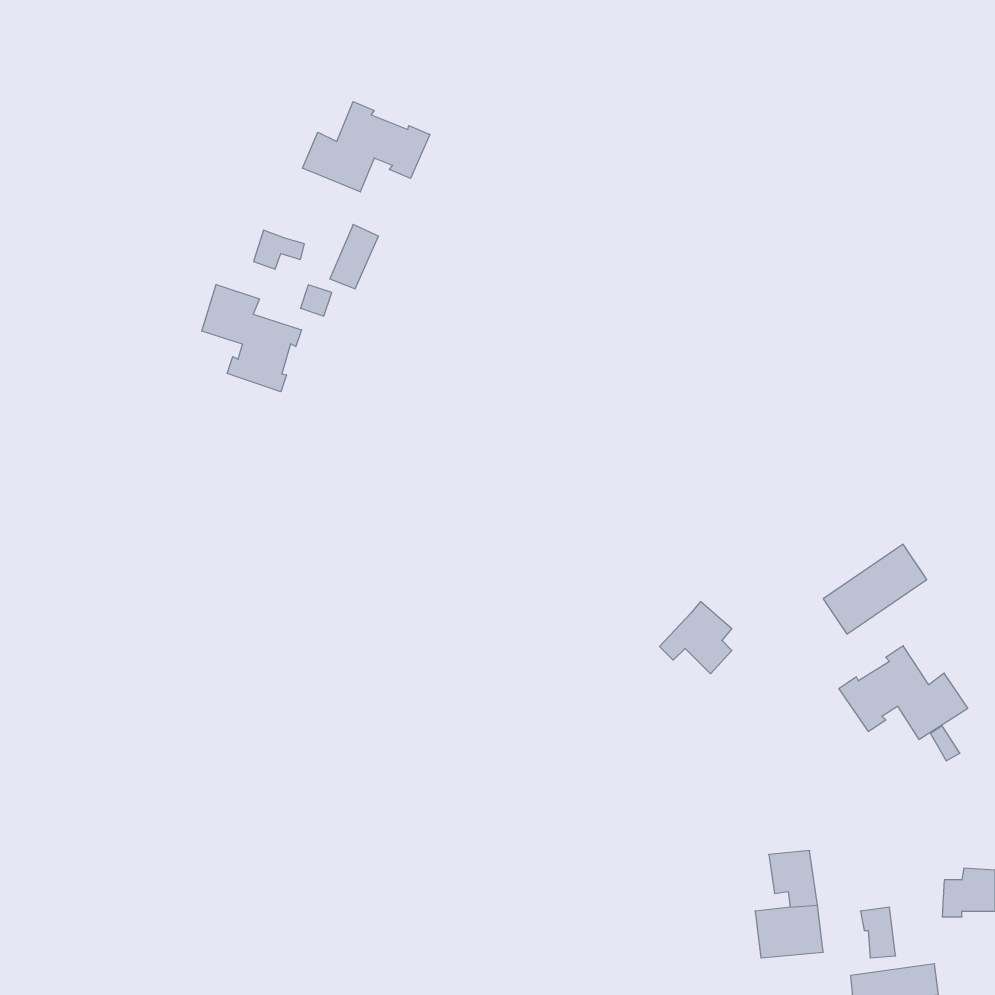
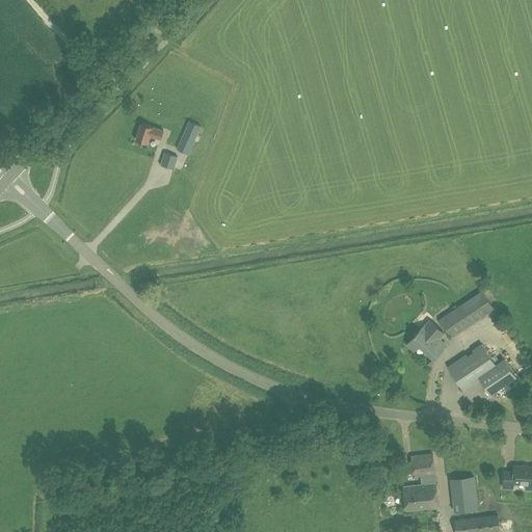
building: [303,102,430,192] -> none
building: [202,284,301,392] -> none
building: [660,602,732,674] -> [406,320,445,358]

